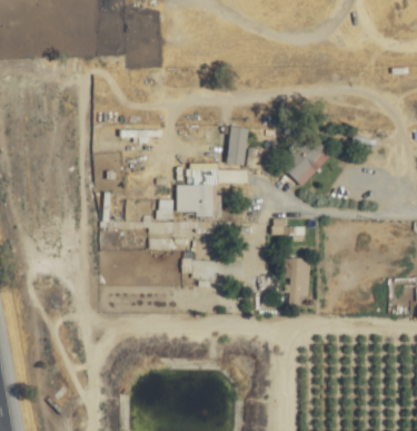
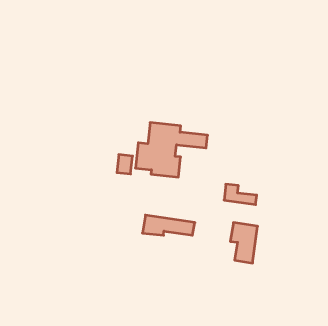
building: [226,126,249,166] -> none
building: [281,136,330,185] -> none

